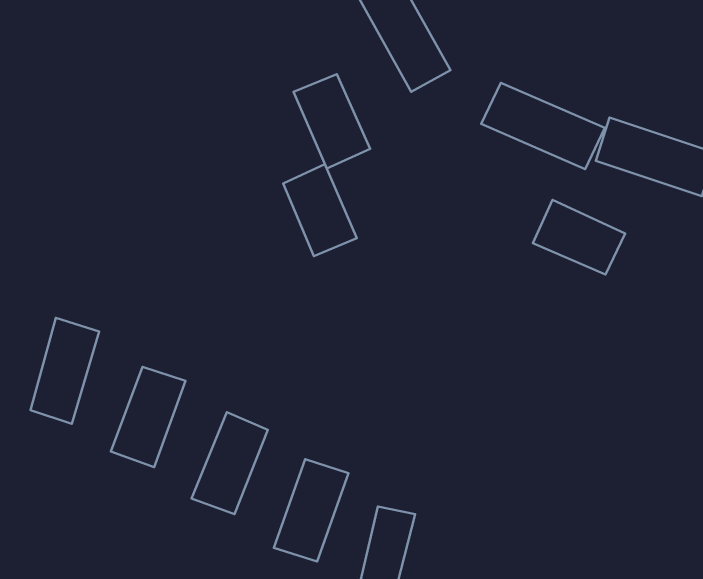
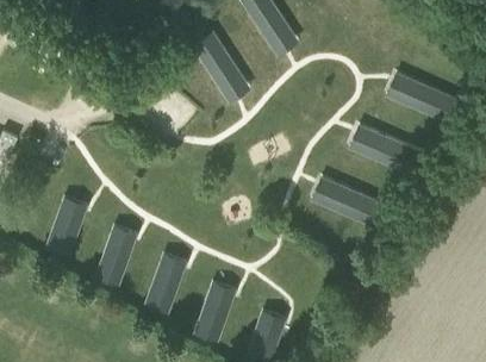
building: [481,83,605,169] -> [310,176,385,229]
building: [283,164,357,256] -> none

